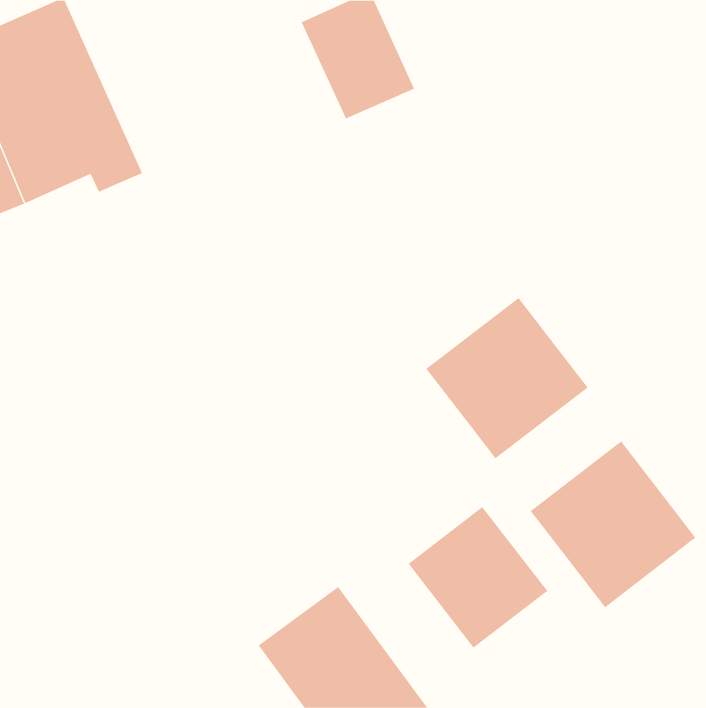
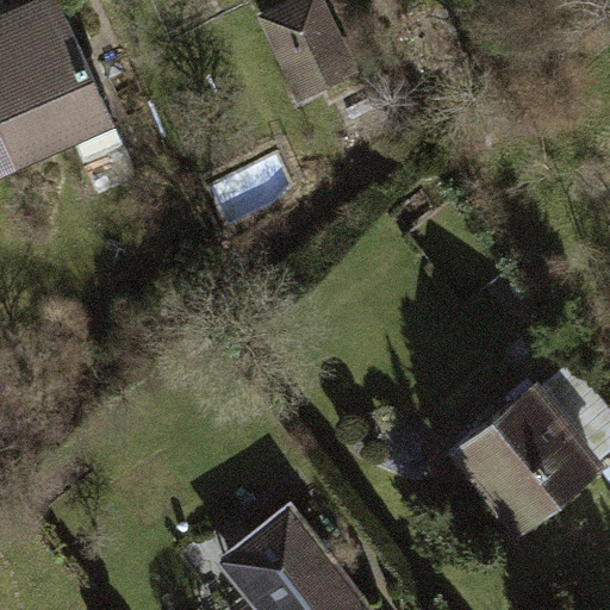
building: [426,297,589,459] -> none
building: [408,506,548,649] -> none

